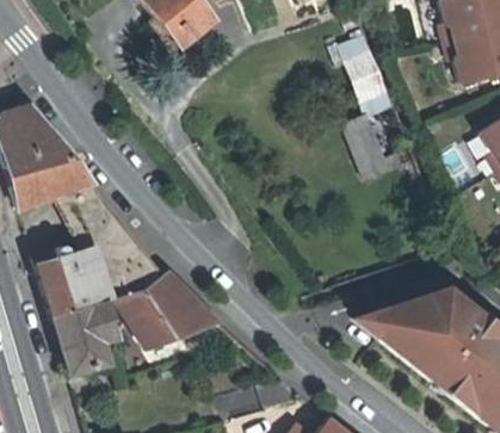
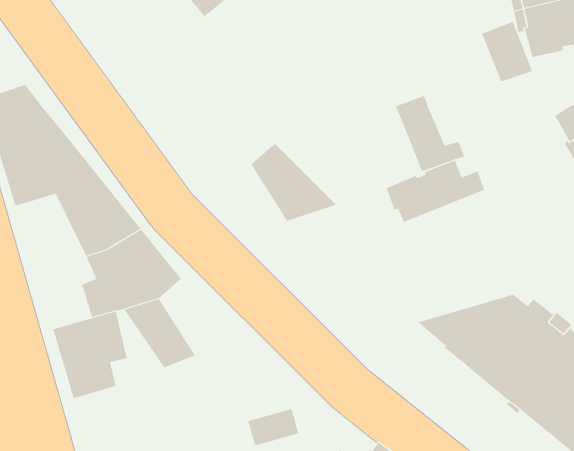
building: [346,51,390,104] -> [481,21,533,82]
building: none -> [386,160,485,223]
building: [33,248,88,316] -> none
building: [143,272,217,339] -> [250,144,337,221]

